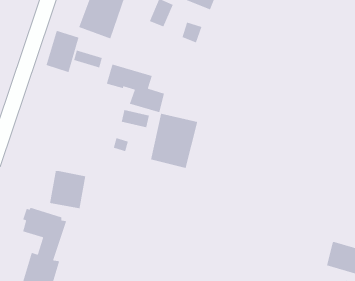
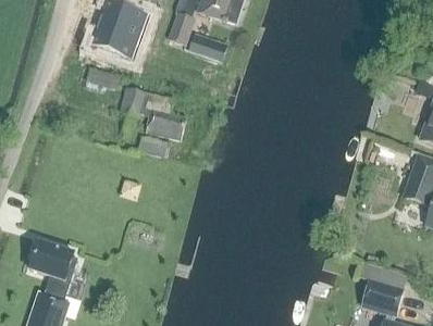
building: [46,30,80,73] -> none
building: [150,113,198,169] -> none
building: [49,170,86,209] -> none

